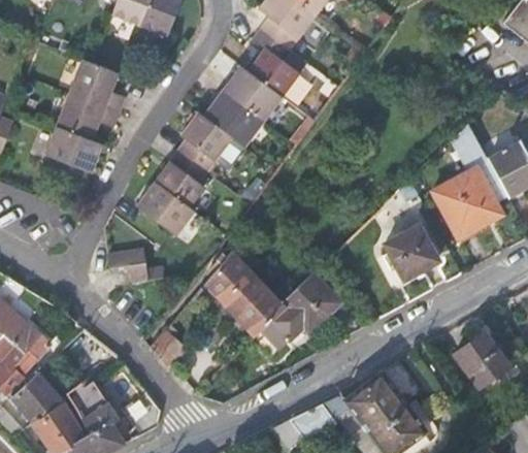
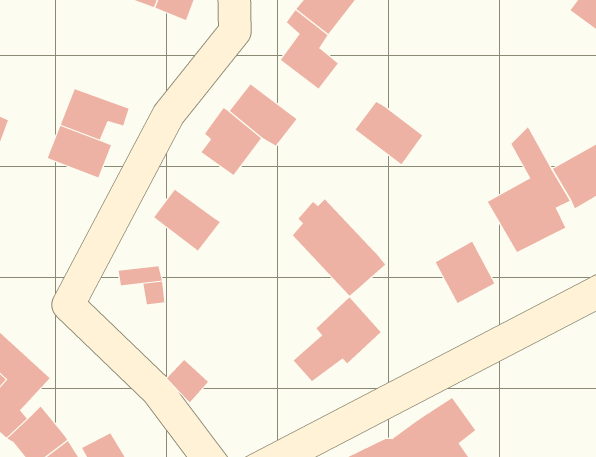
building: [69,57,124,110] -> none
building: [223,64,283,120] -> [355,101,423,165]
building: [157,149,208,205] -> none
building: [202,251,285,336] -> [292,198,386,297]
building: [455,336,506,390] -> none

